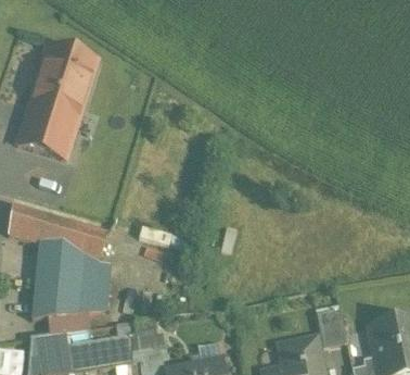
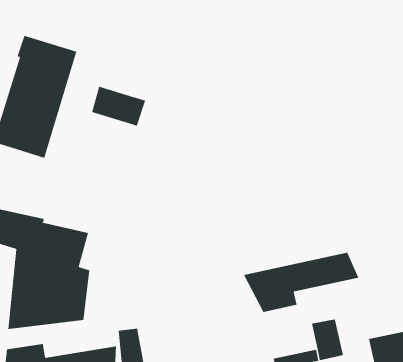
building: none -> [92,86,146,127]
building: none -> [243,252,359,313]

